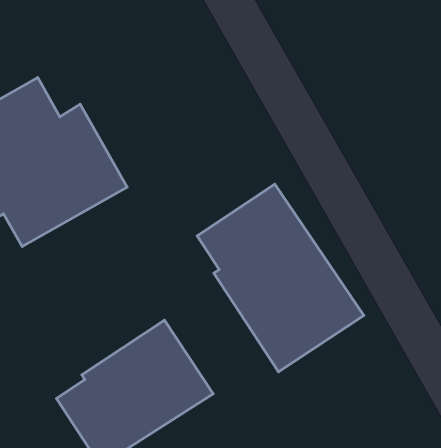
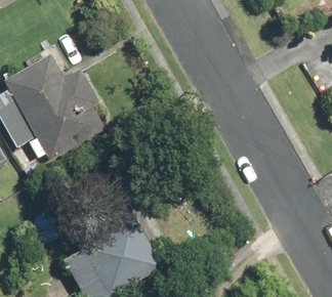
building: [197,184,364,372] -> none

